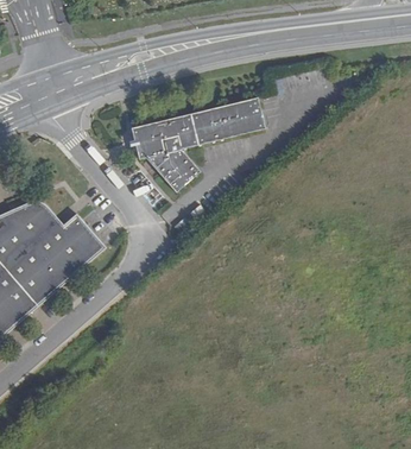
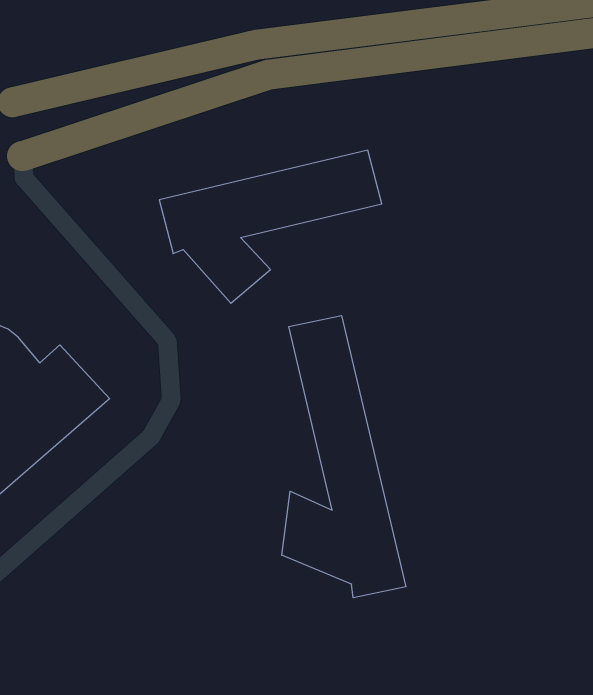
building: none -> [282,316,406,598]

